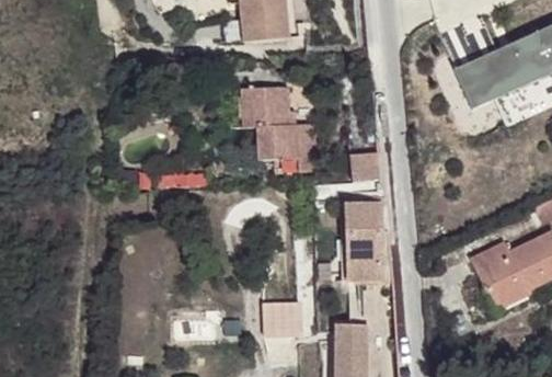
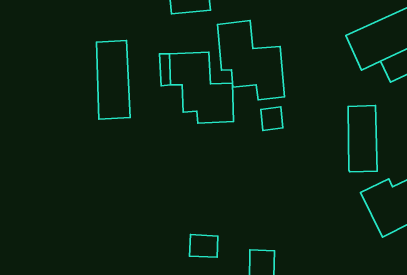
building: none -> [218,20,285,100]
building: none -> [96,40,130,119]
building: [347,202,382,282] -> [348,105,377,172]

